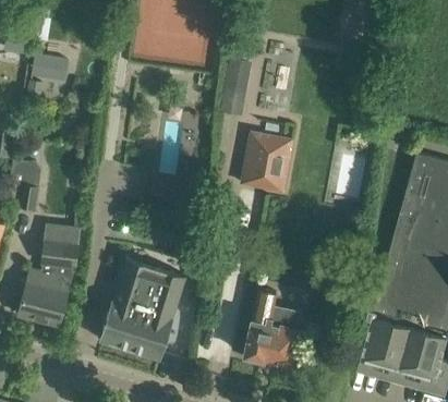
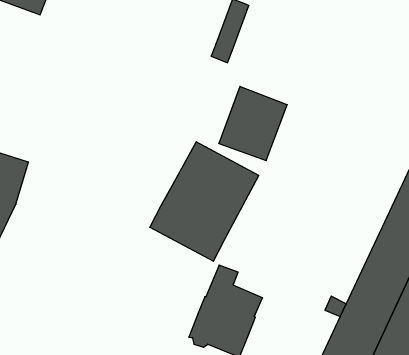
building: [100,259,186,360] -> [150,142,259,261]

